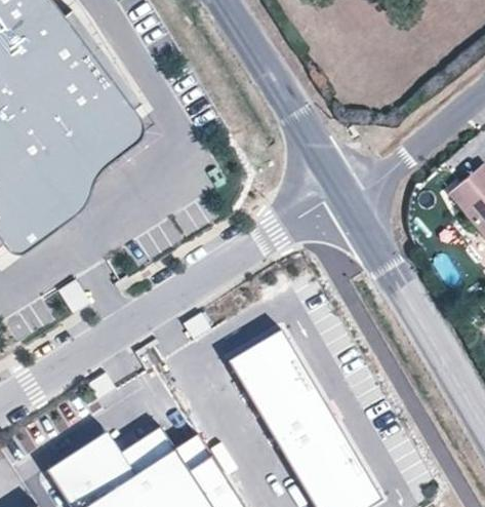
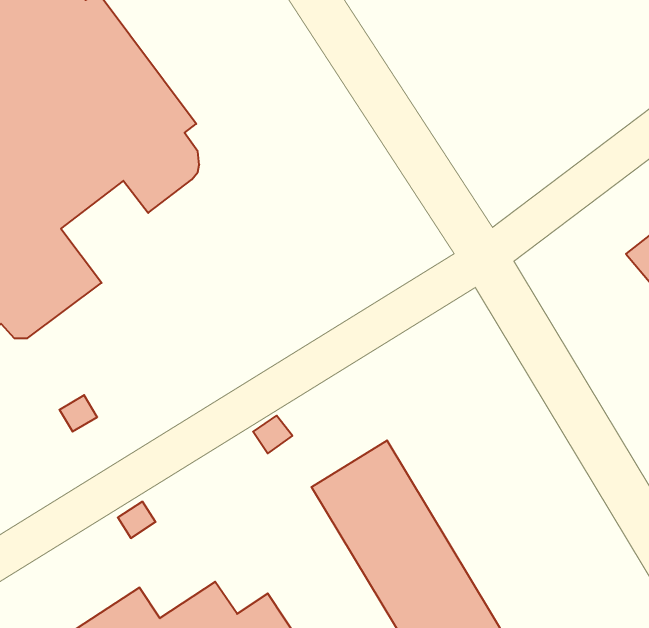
building: [48,143,110,215] -> none

